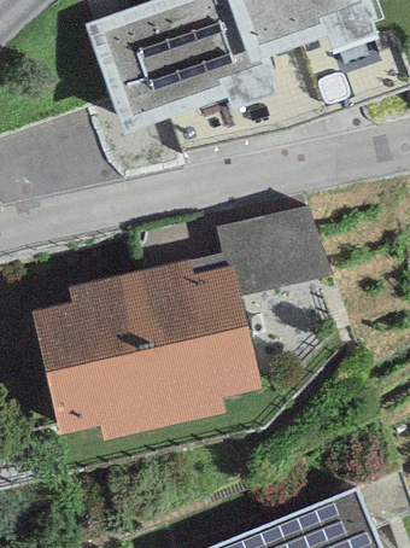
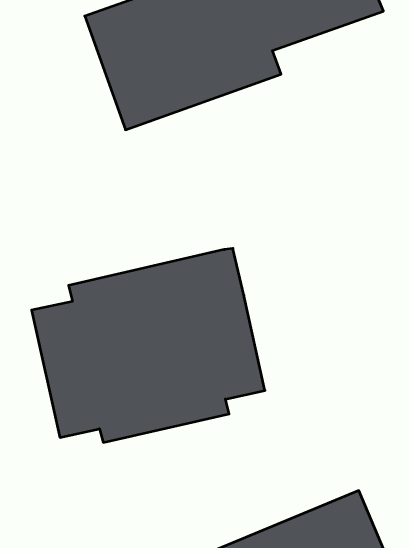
building: [215,205,328,297] -> none

